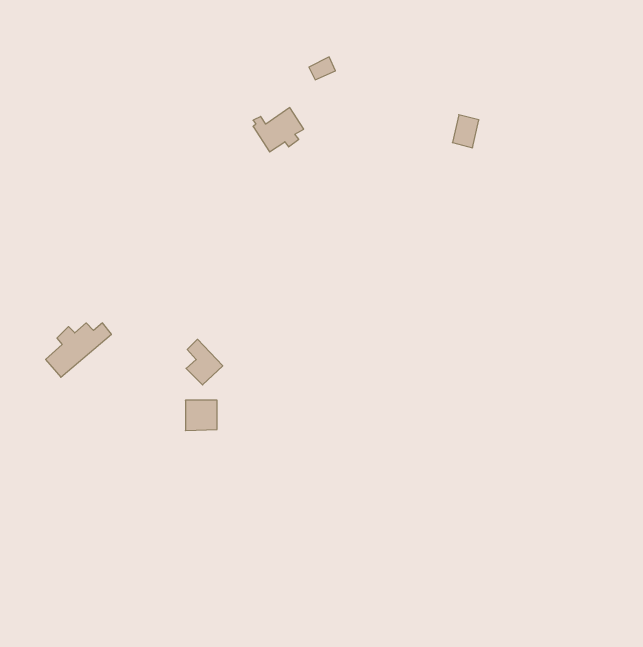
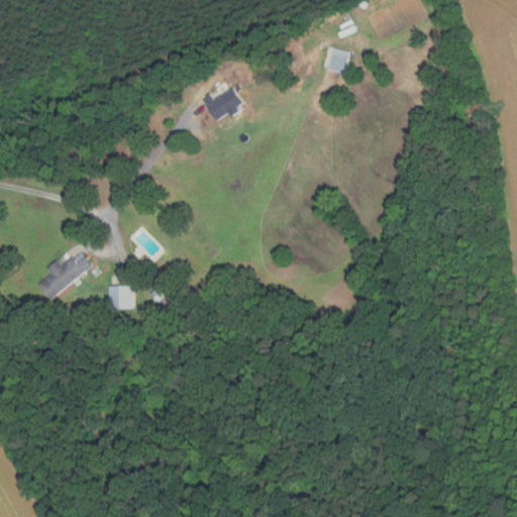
building: [452,115,479,148] -> [327,47,348,74]
building: [185,400,217,431] -> [107,286,132,310]

